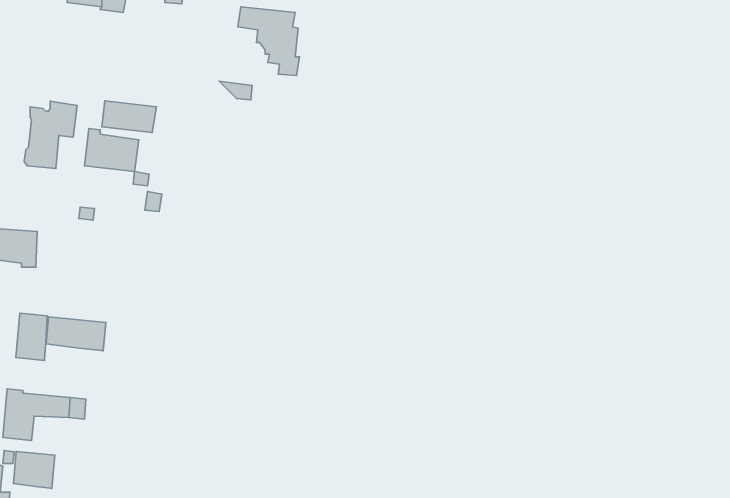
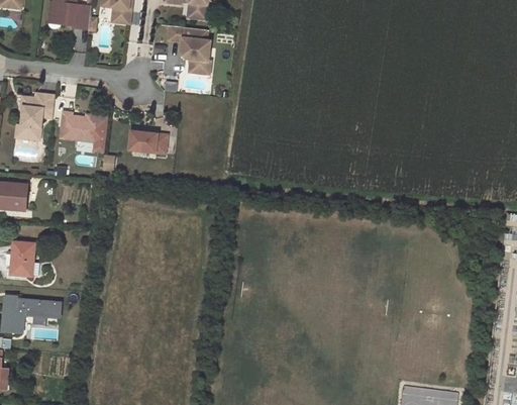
building: [102,101,156,132] -> [129,131,168,154]
building: [46,317,106,351] -> none
building: [13,452,55,489] -> none

